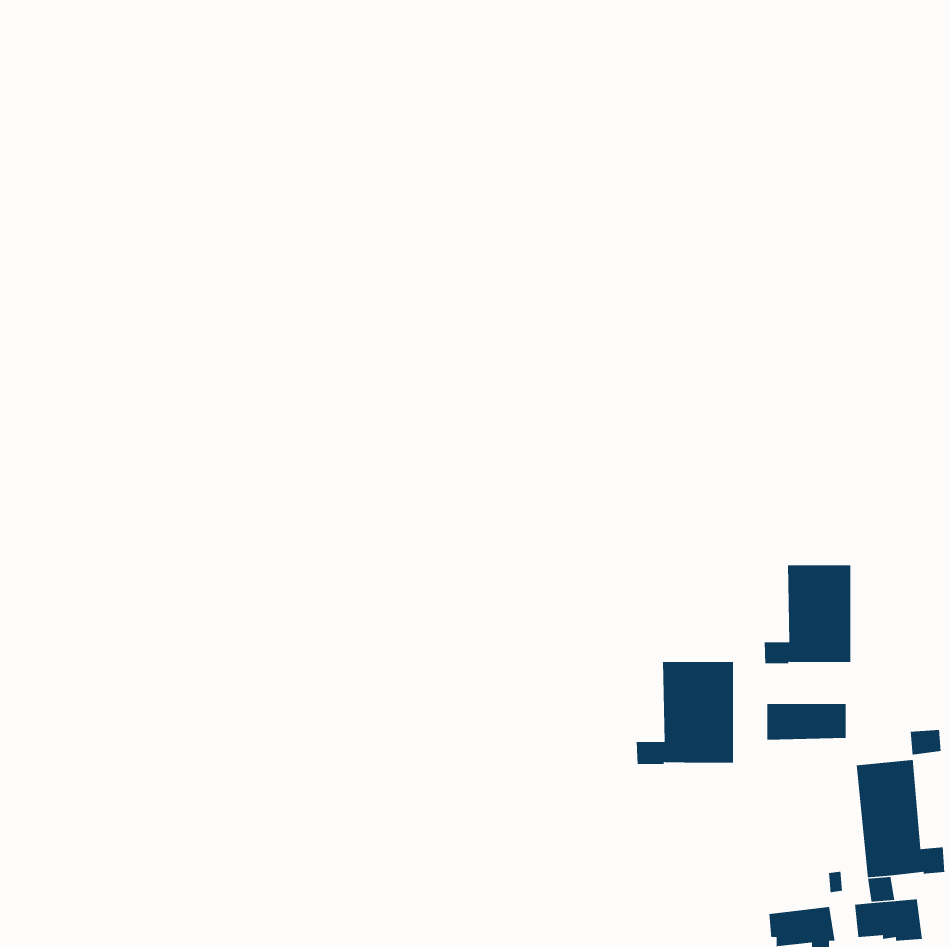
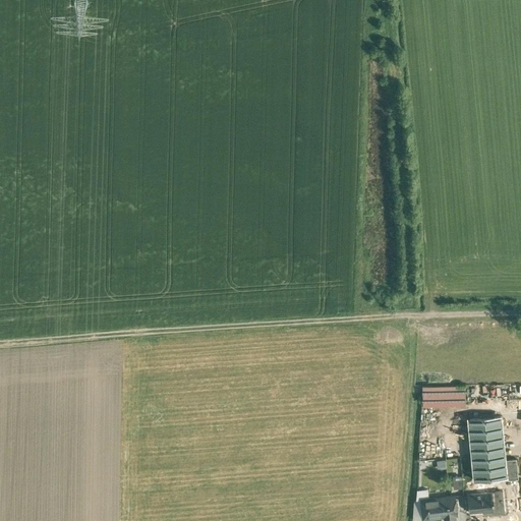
building: [764,564,851,664] -> none
building: [636,661,734,765] -> none

